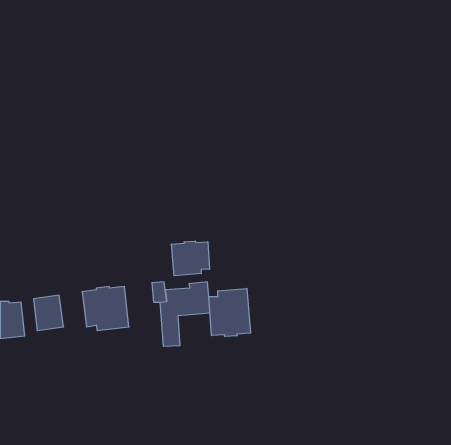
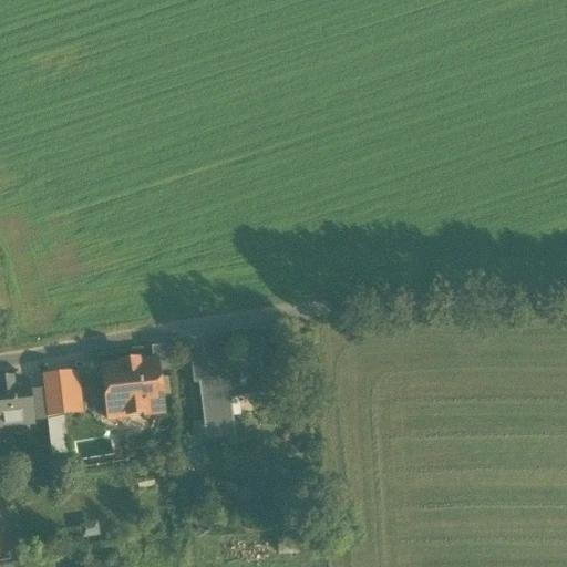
building: [172,241,210,276] -> none
building: [209,288,251,337] -> none

